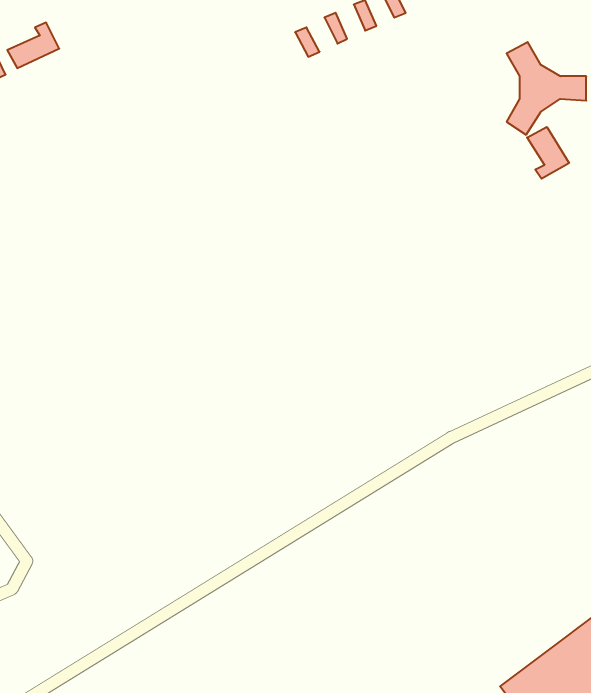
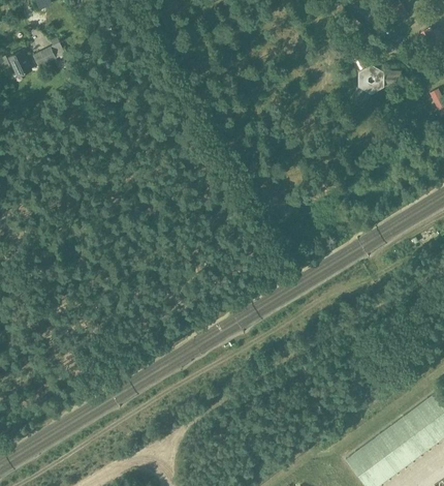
building: [527,127,569,179] -> none

